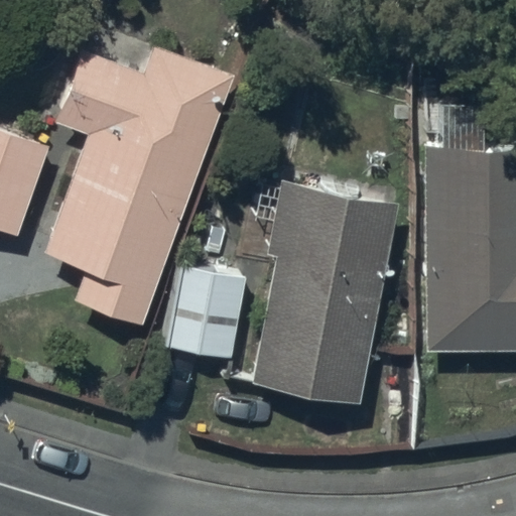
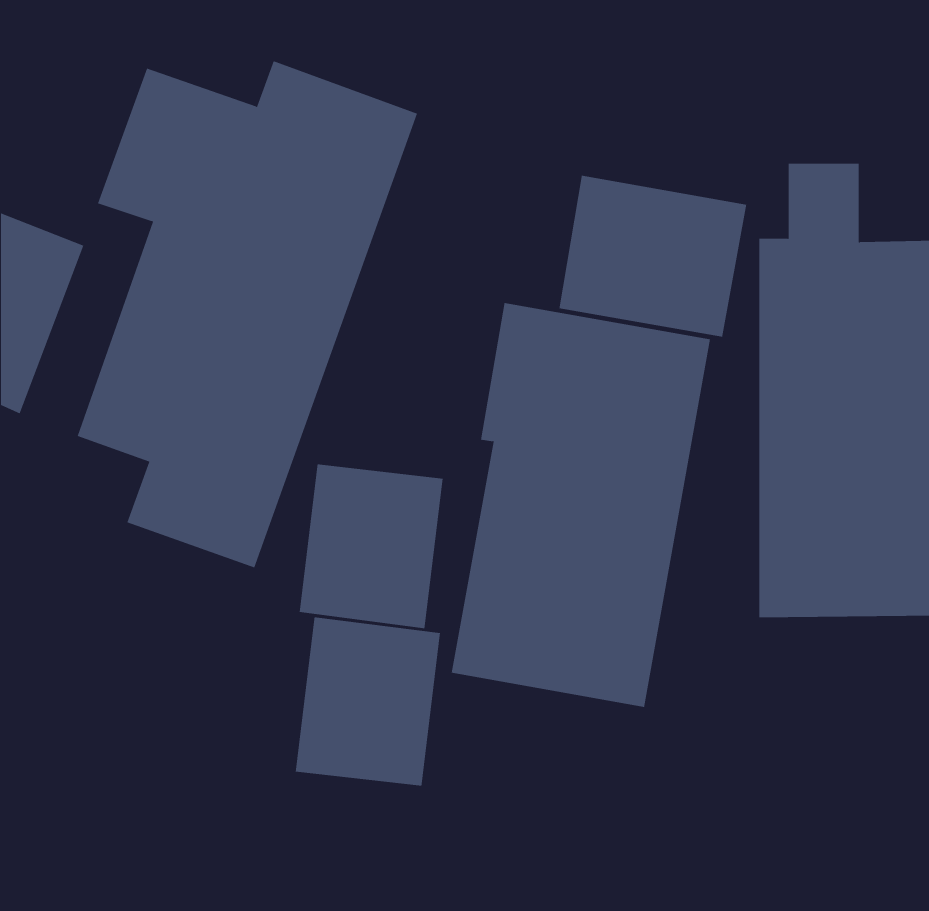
building: none -> [559,175,747,338]
building: none -> [295,616,440,786]

